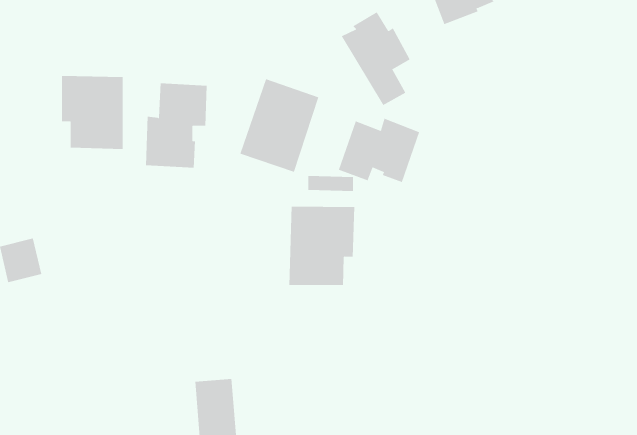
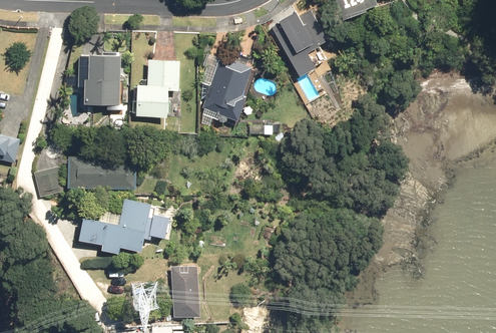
building: [338,118,420,183] -> none
building: [289,206,355,286] -> none
building: none -> [67,156,136,191]
building: none -> [77,200,168,255]

